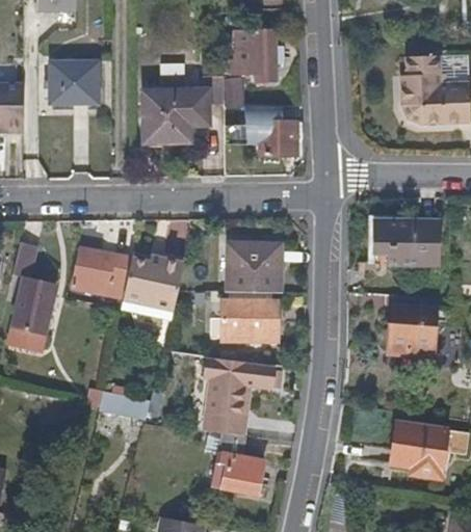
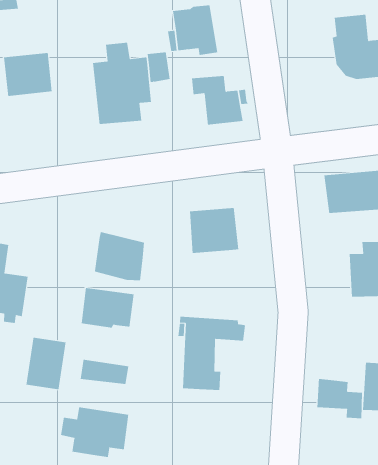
building: [73,249,132,296] -> [81,287,134,328]
building: [220,289,277,340] -> none
building: none -> [26,337,66,390]
building: [211,432,263,494] -> none
building: none -> [317,378,363,419]
building: none -> [60,407,129,458]

